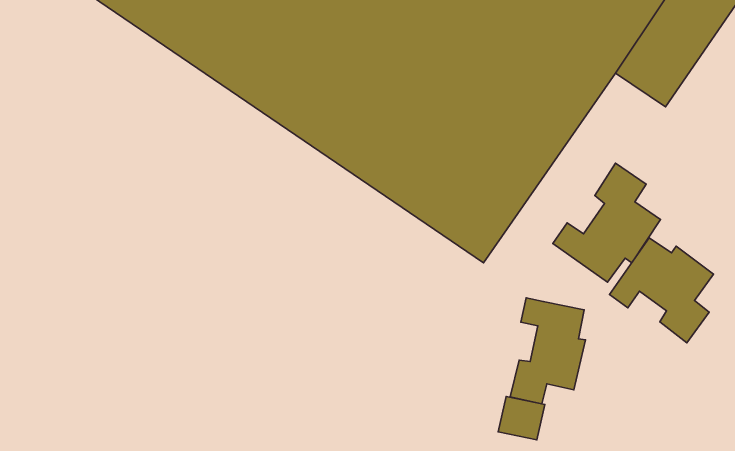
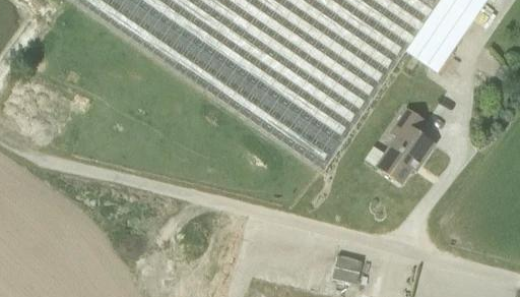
building: [609,238,713,343] -> none
building: [510,298,586,404] -> none

